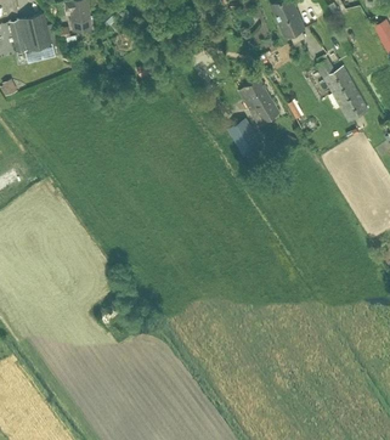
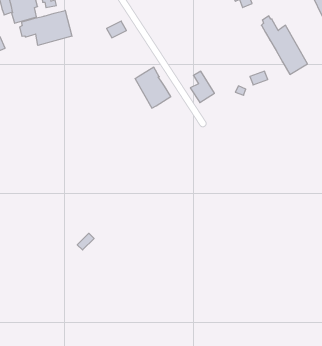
building: none -> [20,10,72,45]
building: [237,77,278,124] -> [135,67,171,108]

